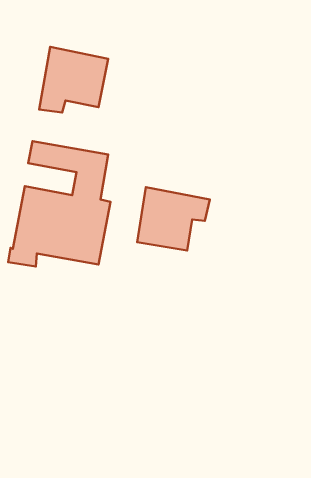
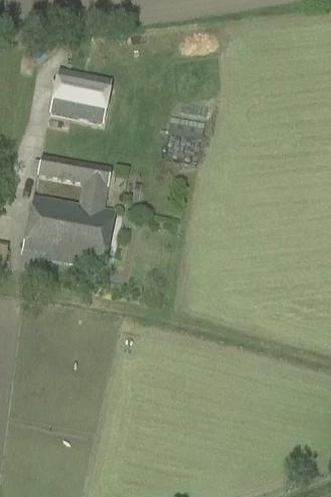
building: [137,187,210,251] -> none

